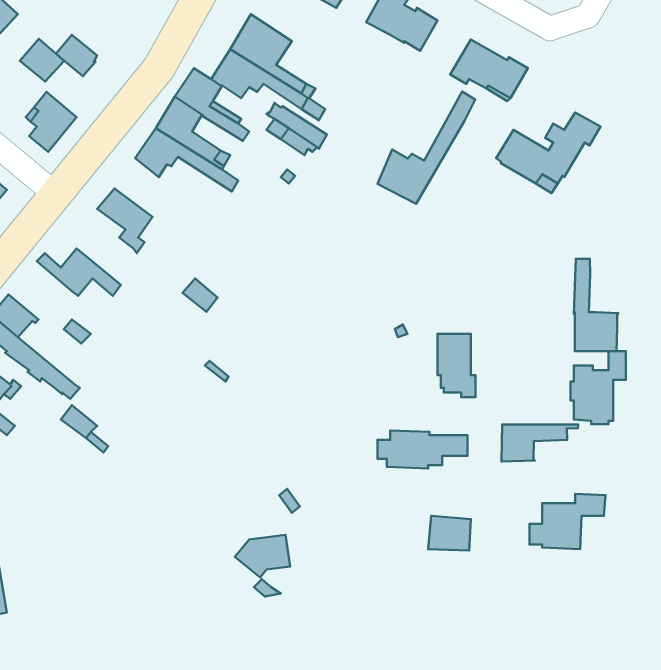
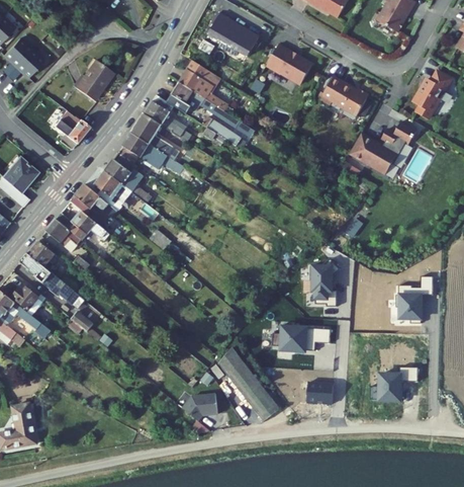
building: none -> [412,70,451,118]
building: [20,39,64,82] -> [79,59,107,86]
building: [377,92,475,204] -> none
building: none -> [106,152,153,202]
building: none -> [71,182,118,223]
building: [574,259,618,351] -> none
building: none -> [47,218,79,249]
building: [502,425,578,462] -> none
building: none -> [219,347,280,421]

